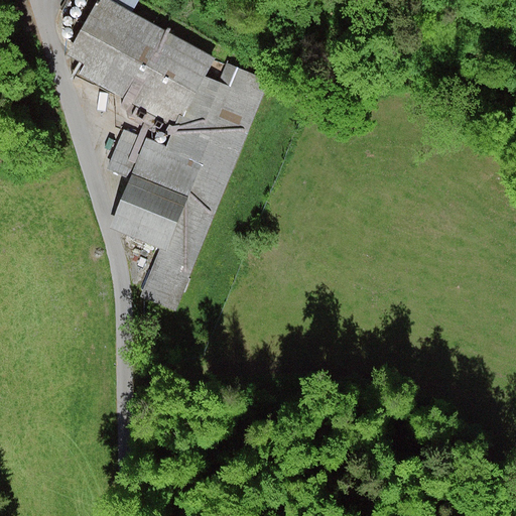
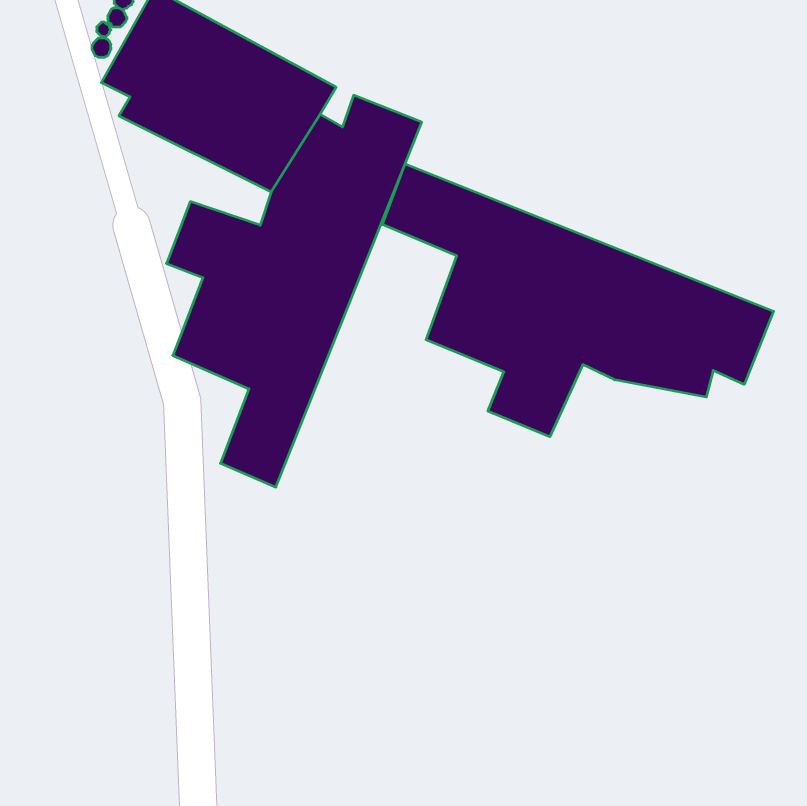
building: none -> [382,164,774,437]

